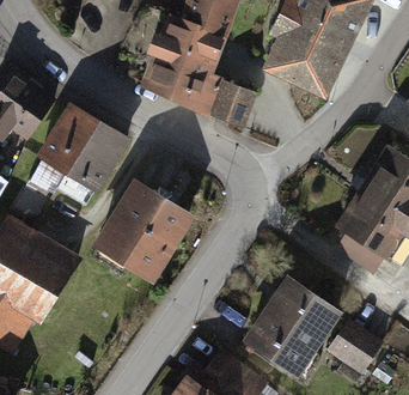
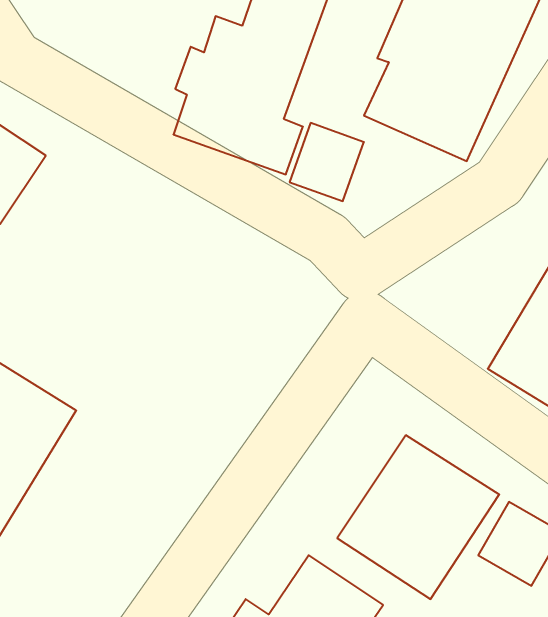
building: [36,103,134,194] -> none
building: [90,181,191,284] -> none

